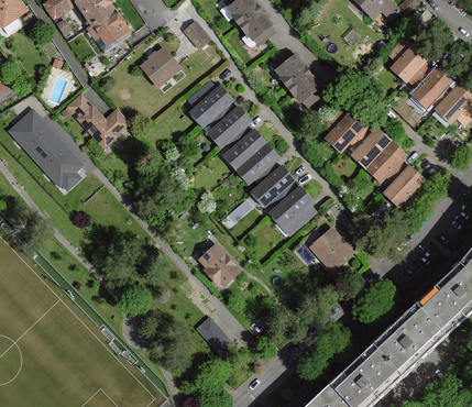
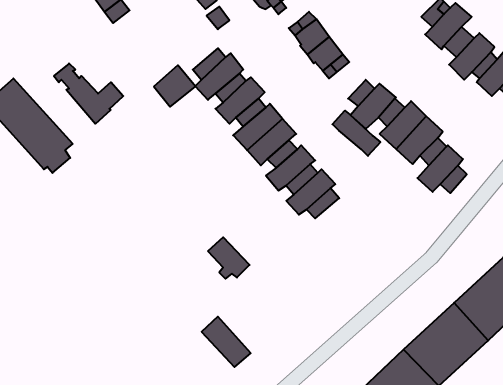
building: [142,46,178,82] -> [154,65,195,107]
building: none -> [332,111,380,156]
building: [311,228,352,267] -> none

